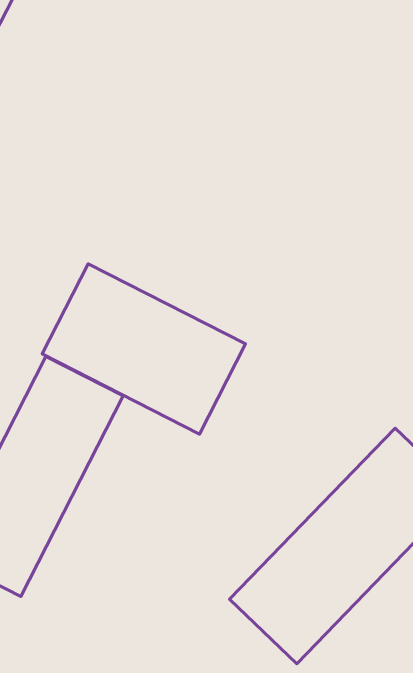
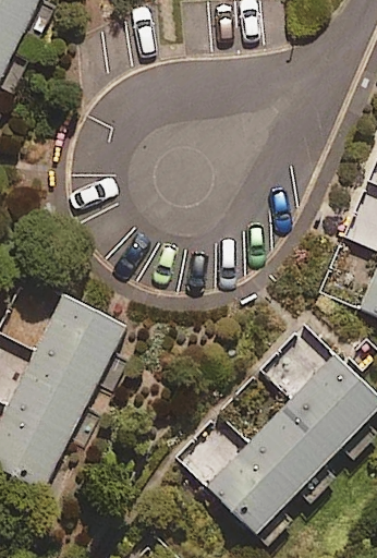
building: [42,264,246,434] -> none

